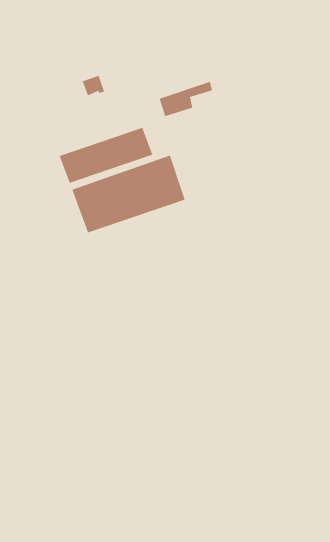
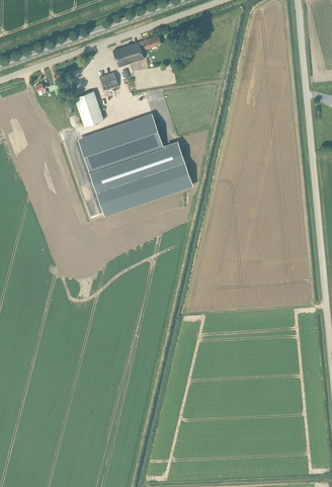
building: [159,81,213,117] -> [113,35,161,67]
building: none -> [75,90,104,126]

